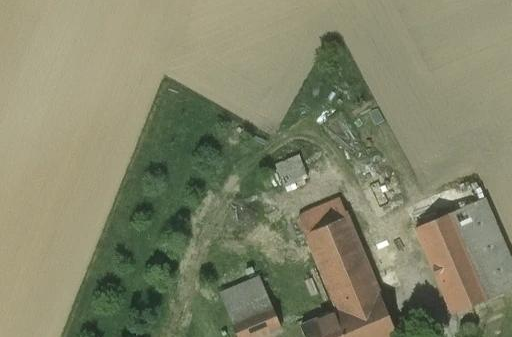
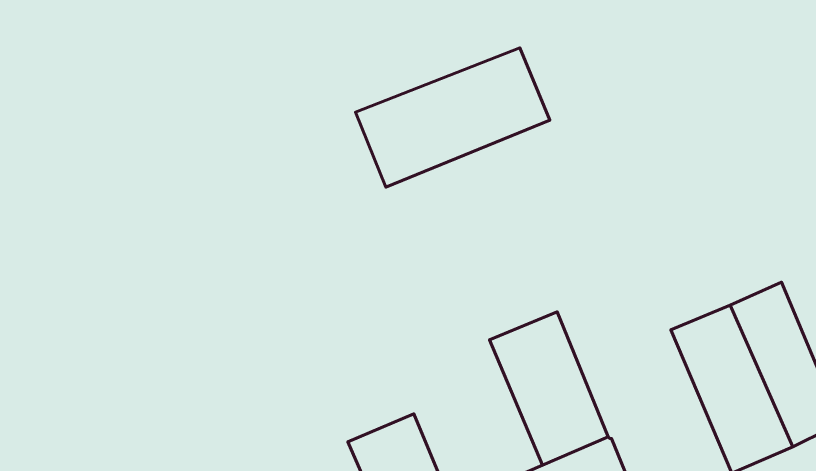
building: none -> [356,48,550,187]
building: [275,155,307,186] -> none
building: [298,198,346,233] -> none

